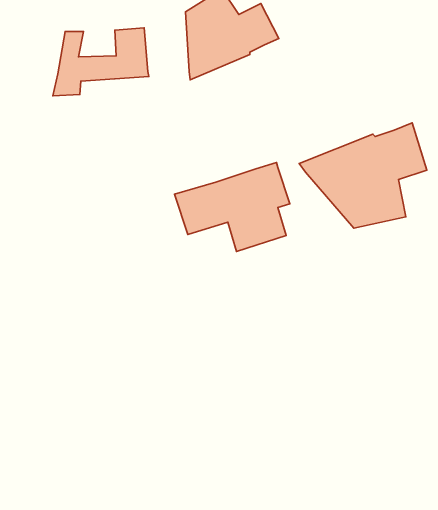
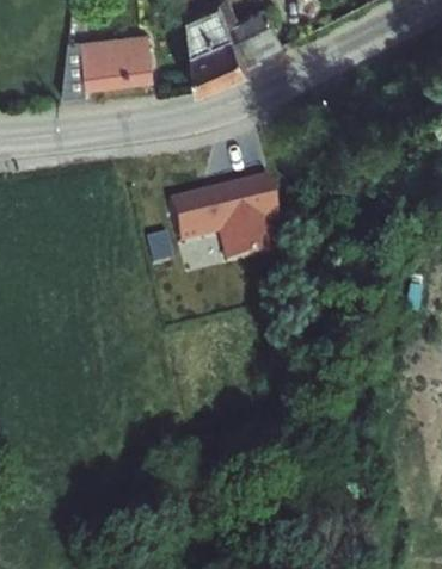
building: [299,123,427,228] -> none

